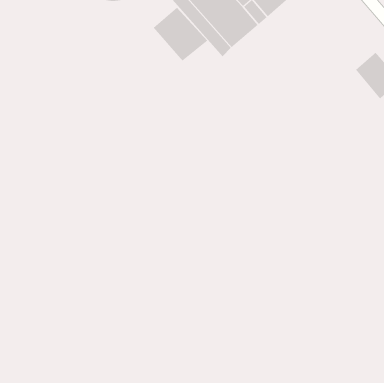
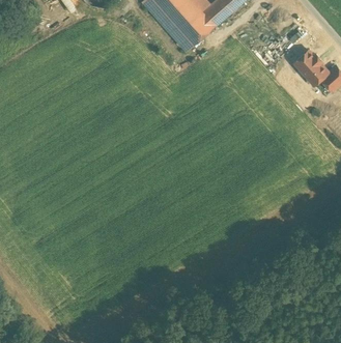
building: [153,7,208,61] -> none

